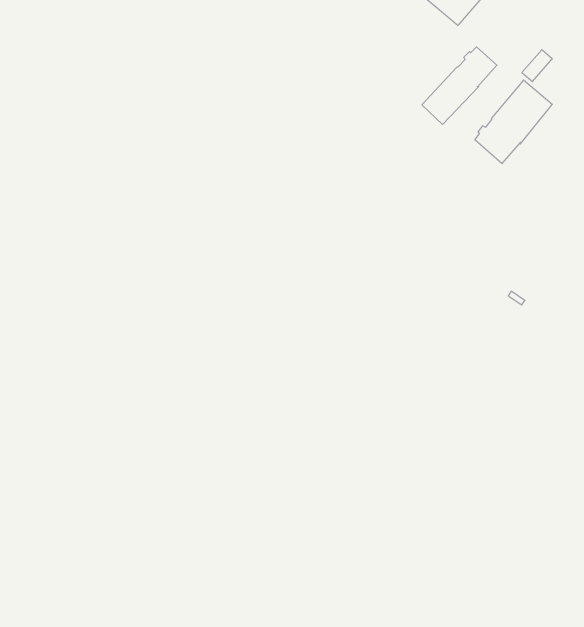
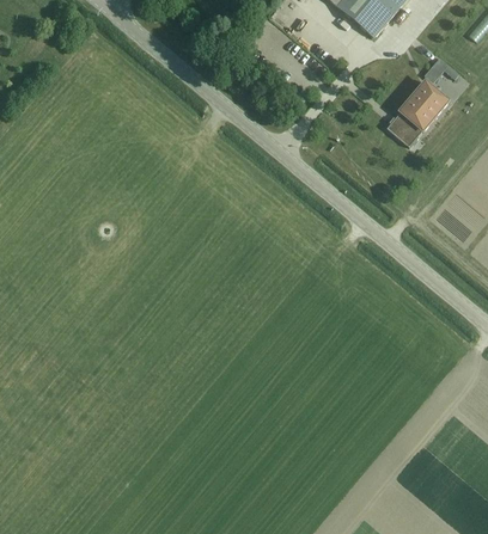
building: [422,47,497,124] -> none

